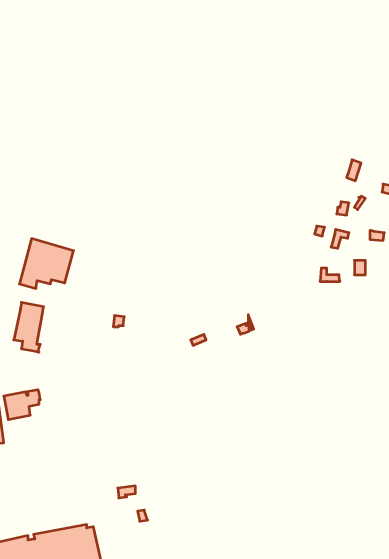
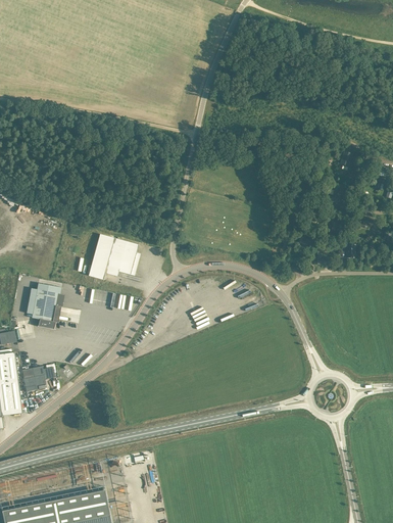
building: [19,239,74,288] -> [87,234,137,280]

